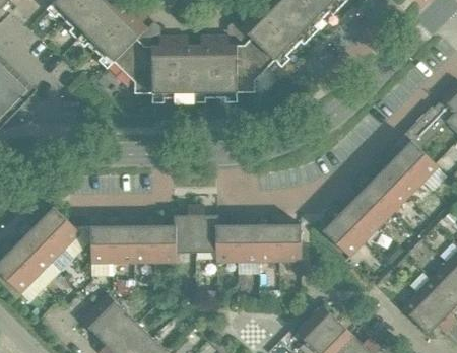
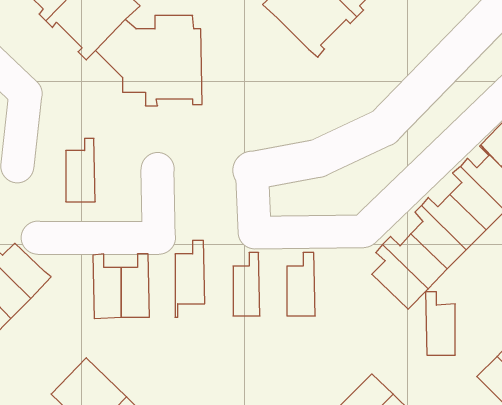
building: [193,36,274,102] -> none
building: [195,205,217,262] -> none
building: [237,214,258,262] -> none
building: [278,214,301,262] -> [426,292,455,355]
building: [153,215,174,263] -> none
building: [90,216,113,264] -> [66,138,95,202]

